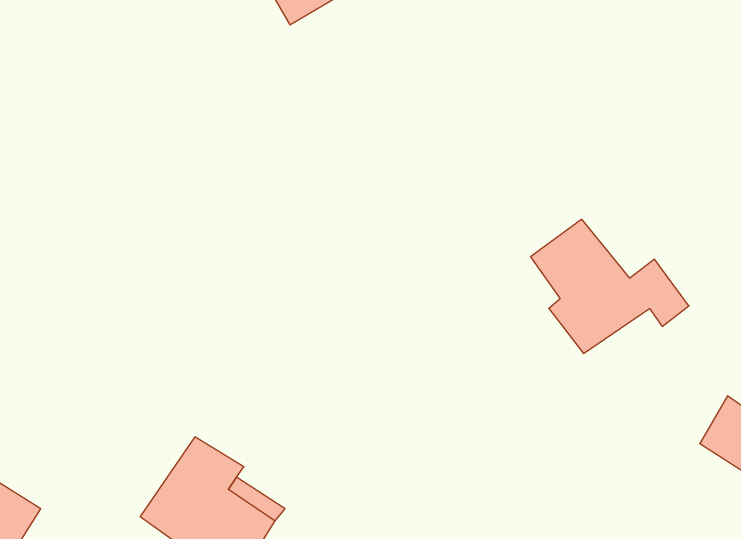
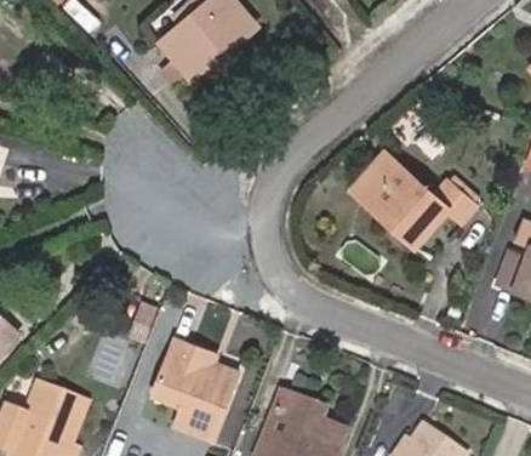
building: none -> [347,147,395,218]

